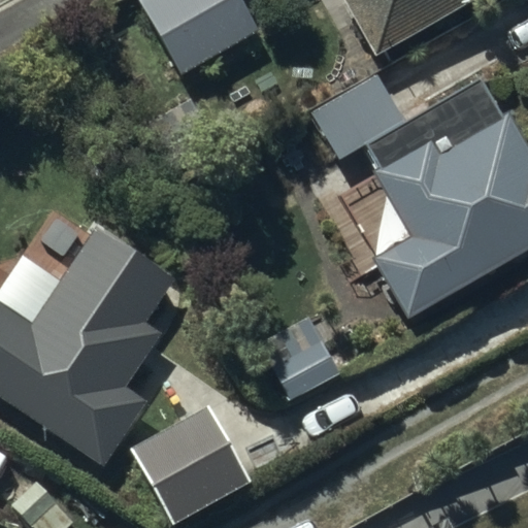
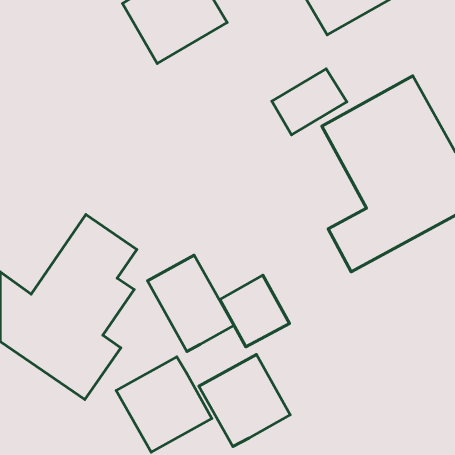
building: none -> [147,255,234,351]
building: none -> [199,354,290,447]

